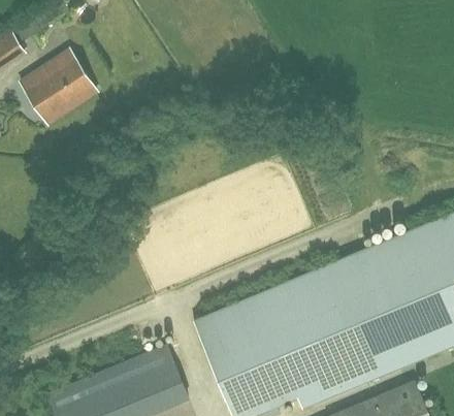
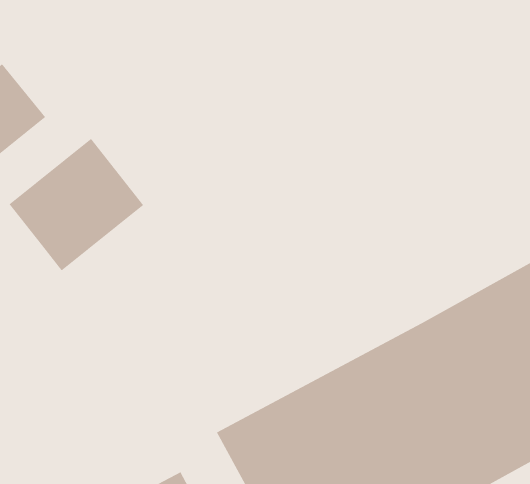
building: none -> [8,138,144,272]

